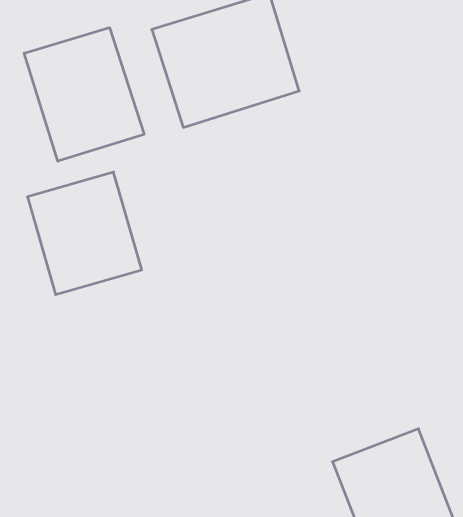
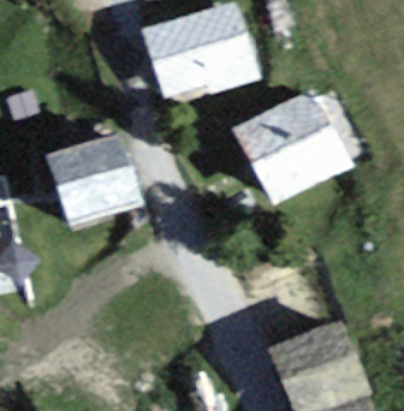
building: [24,28,144,161] -> none
building: none -> [237,95,346,203]

